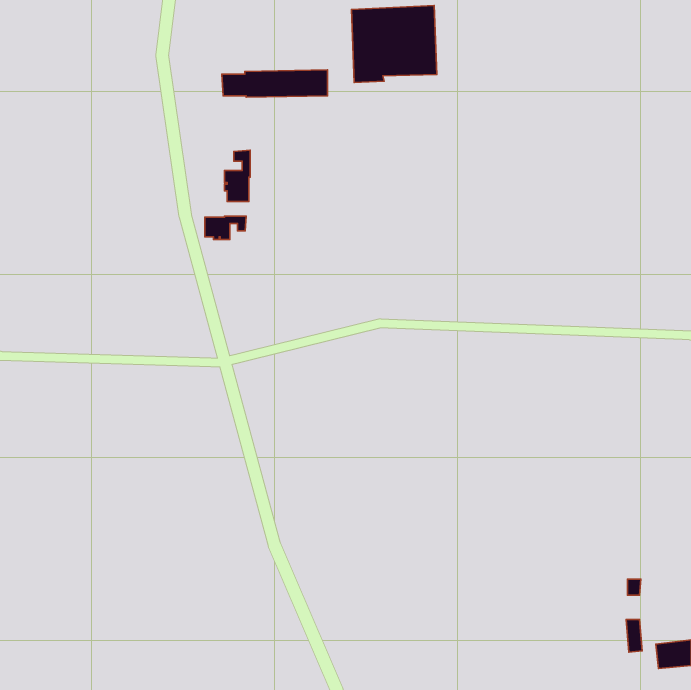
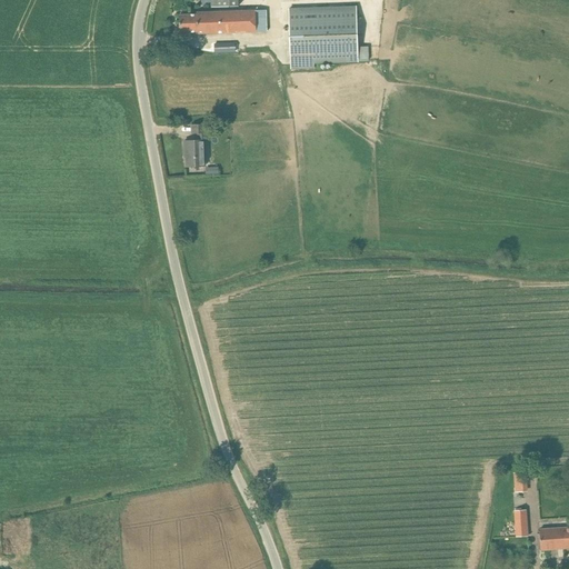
building: [222,70,327,97] -> [179,10,266,32]
building: [205,216,246,239] -> none

